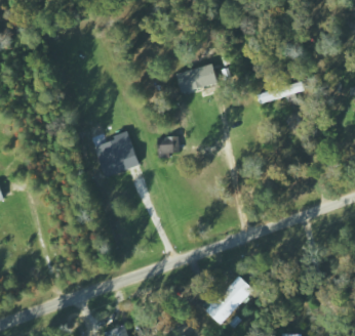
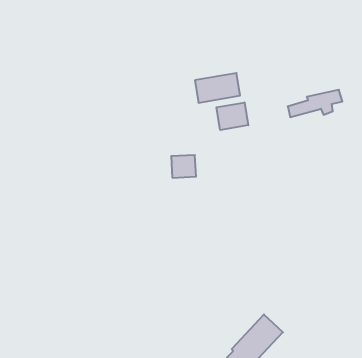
building: none -> [216,102,248,130]
building: [93,132,141,177] -> none

